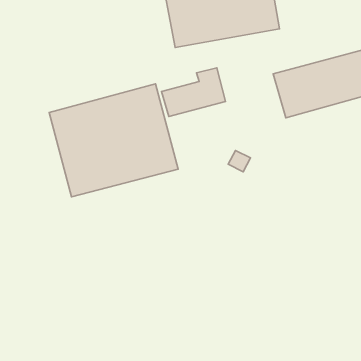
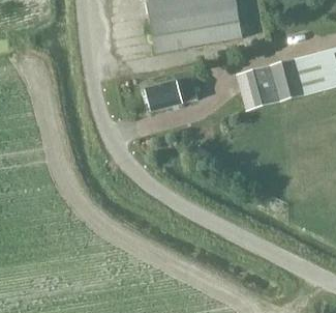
building: [49,84,178,197] -> none

